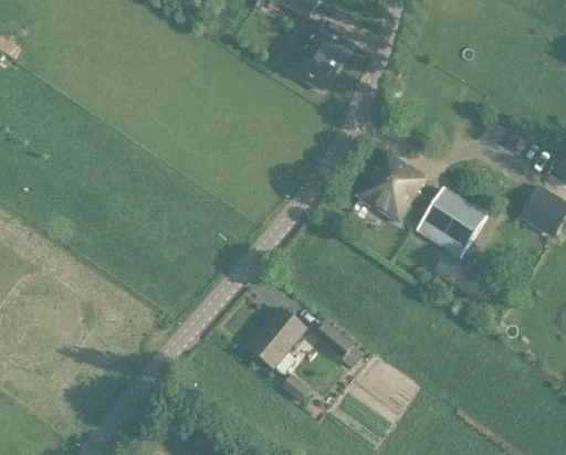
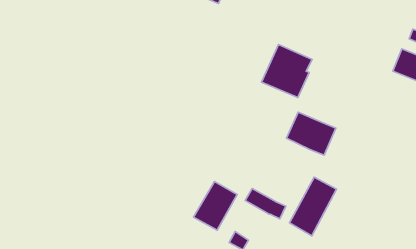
building: [422,191,485,250] -> [286,112,336,155]
building: none -> [289,177,336,236]

